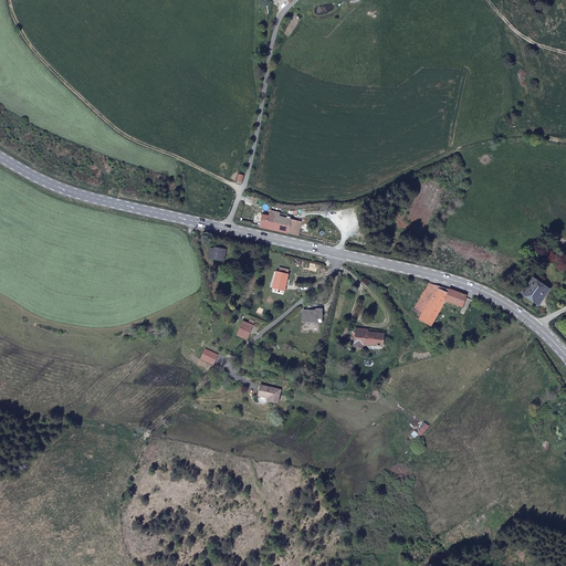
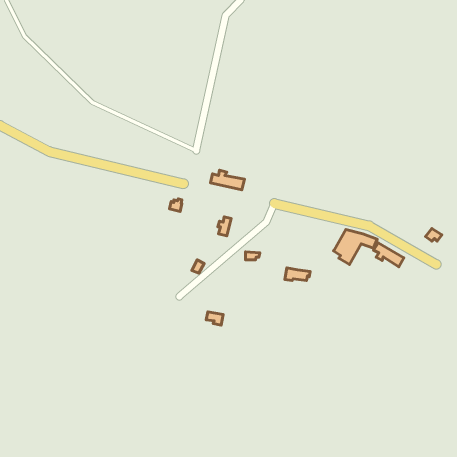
building: none -> [374,243,404,267]

